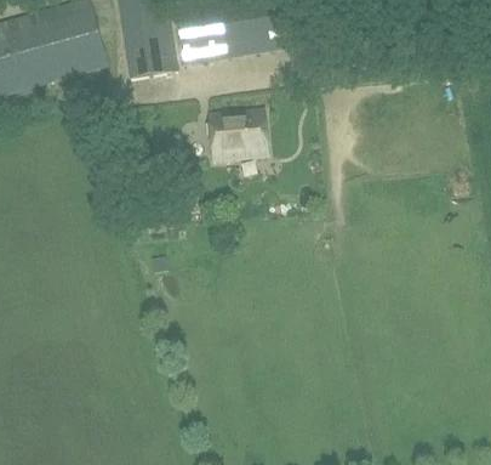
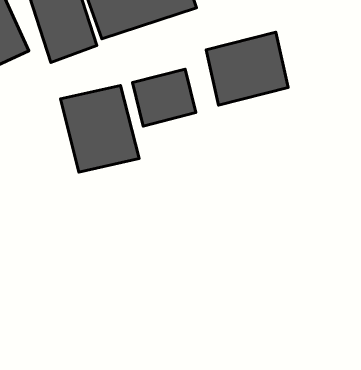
building: none -> [206,32,288,105]
building: none -> [60,85,139,172]

